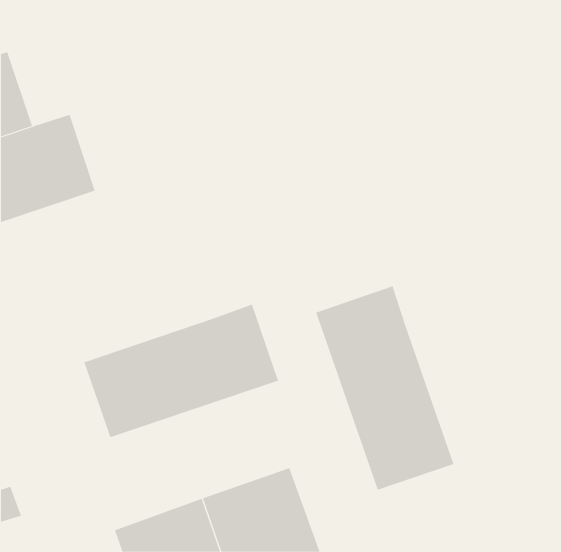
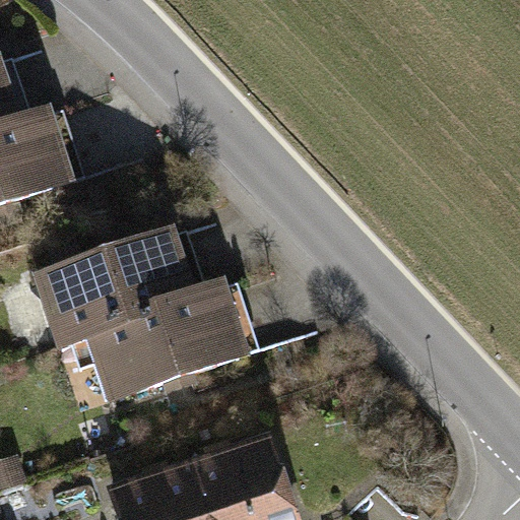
building: none -> [14,223,200,348]
building: [316,286,454,490] -> none

